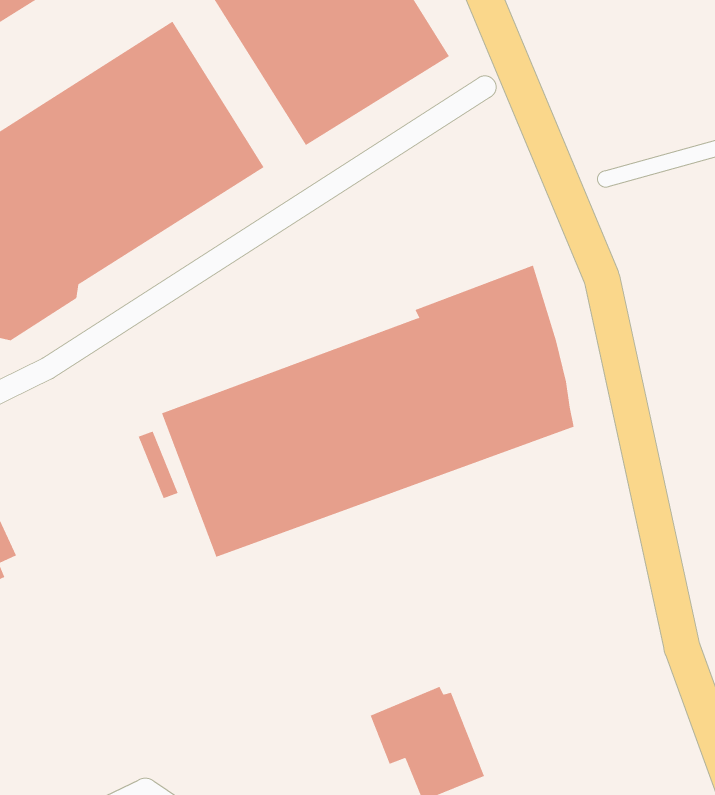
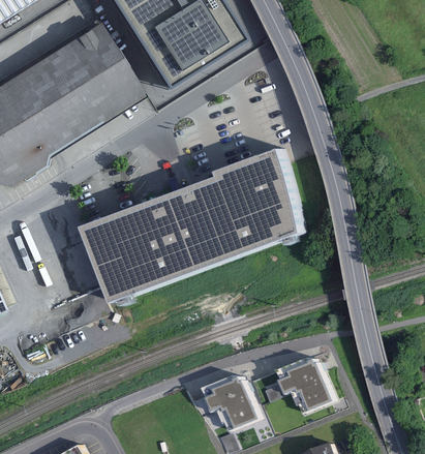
building: none -> [273,356,334,414]

